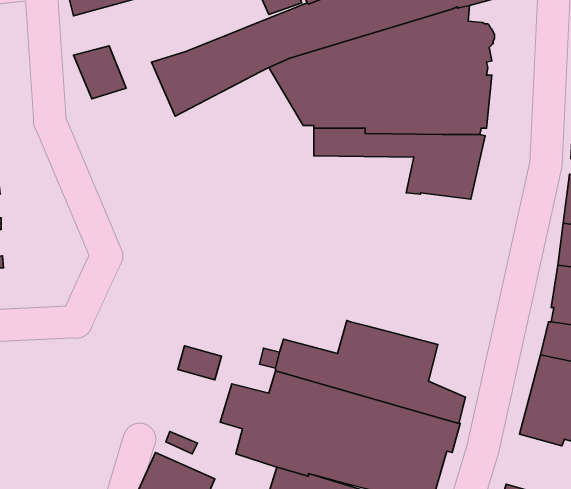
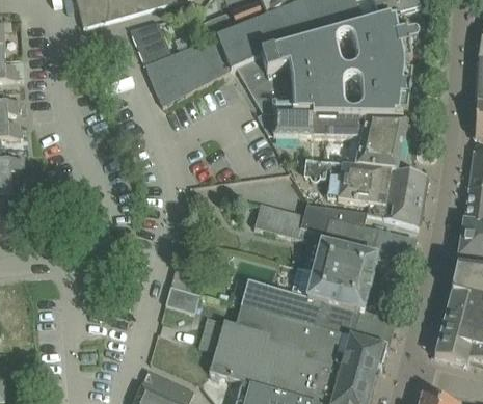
building: [73,46,126,99] -> [130,20,171,61]
building: none -> [303,158,427,223]
building: none -> [239,199,414,284]

